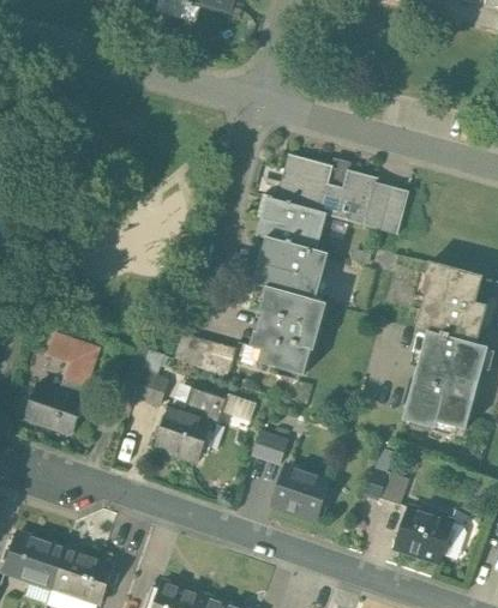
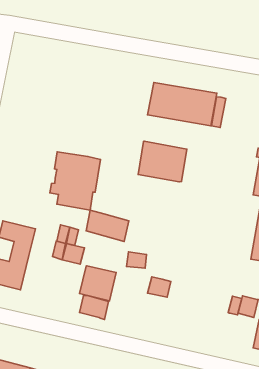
building: [377,188,407,234] -> none
building: [256,199,325,252] -> none
building: [248,289,325,377] -> [50,152,101,210]
building: [181,389,224,426] -> [79,295,109,320]
building: [271,466,326,520] -> none

